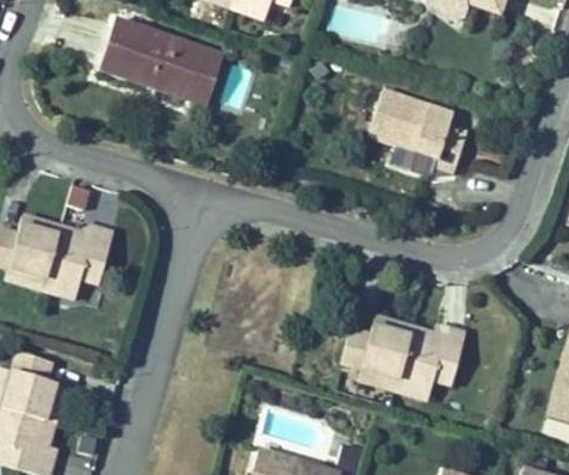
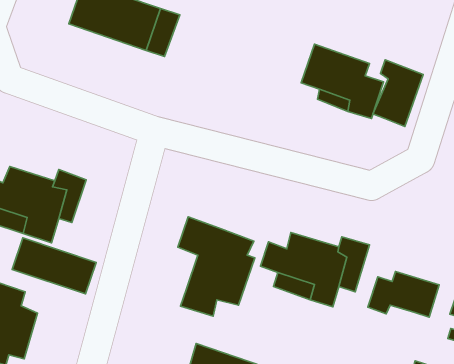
building: none -> [373,60,423,126]
building: none -> [178,217,255,316]
building: none -> [12,238,96,294]
building: none -> [368,271,439,317]

